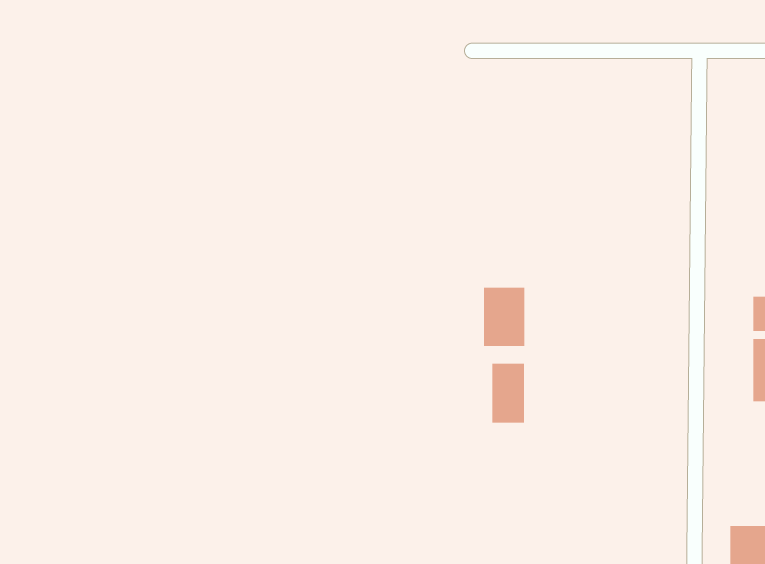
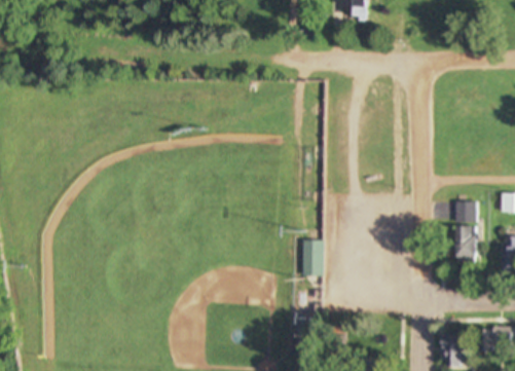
building: [484,287,525,347] -> none

